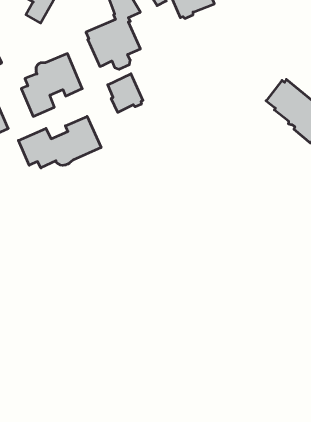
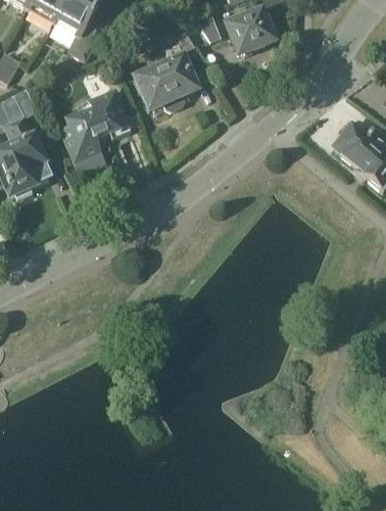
building: [108,74,143,112] -> none
building: [18,116,101,168] -> none

